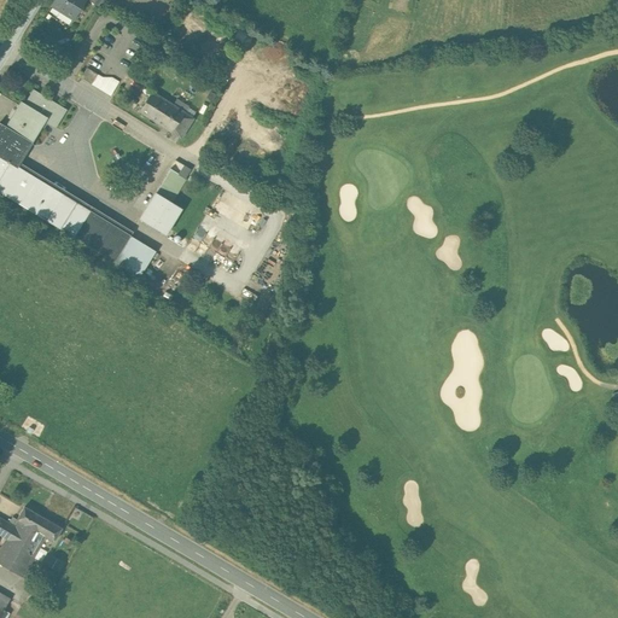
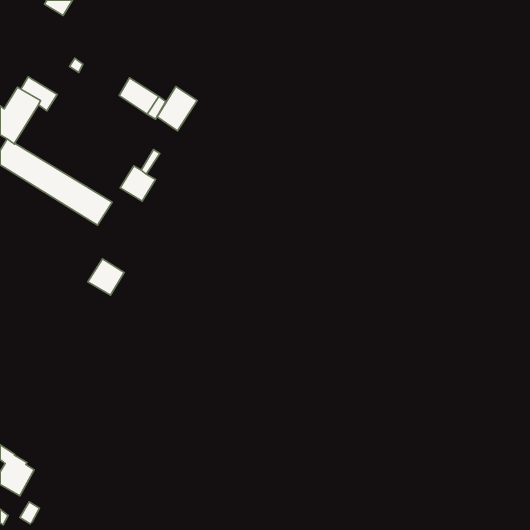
building: none -> [157,87,197,131]
building: [113,235,156,278] -> [88,259,124,295]
building: [13,507,62,547] -> none

